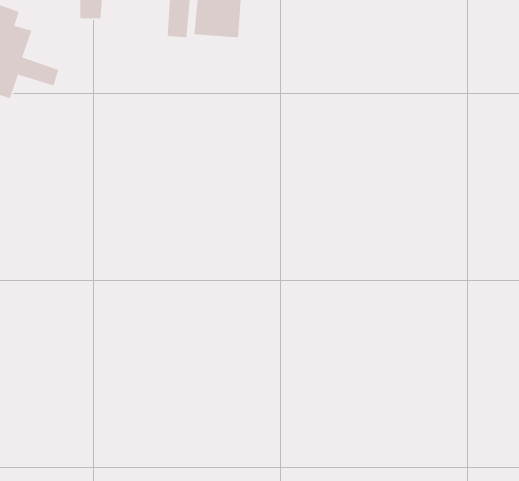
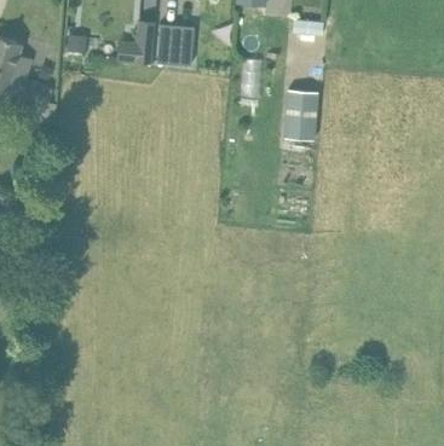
building: none -> [284,87,318,138]

